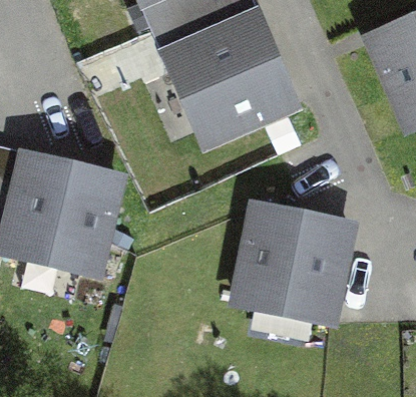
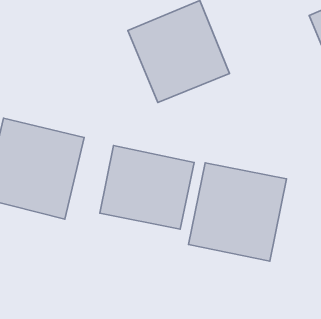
building: none -> [100,146,194,229]

